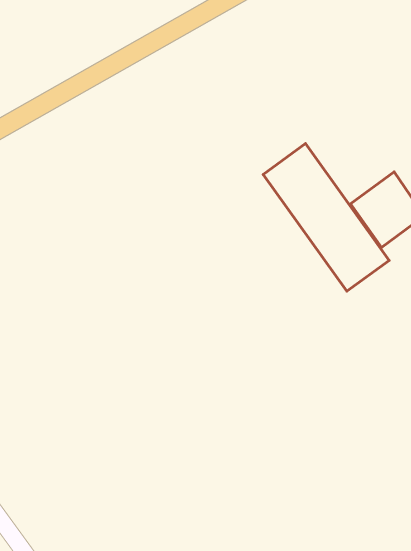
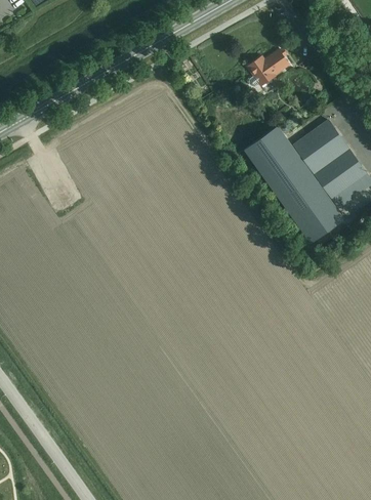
building: none -> [248,49,289,85]
building: none -> [293,119,348,172]

